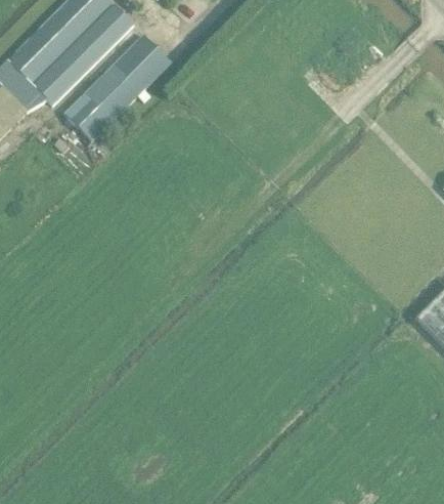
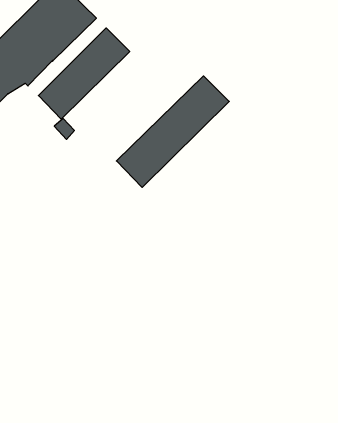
building: none -> [116,76,229,187]

